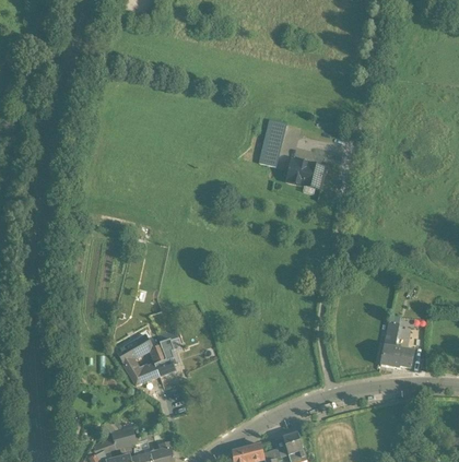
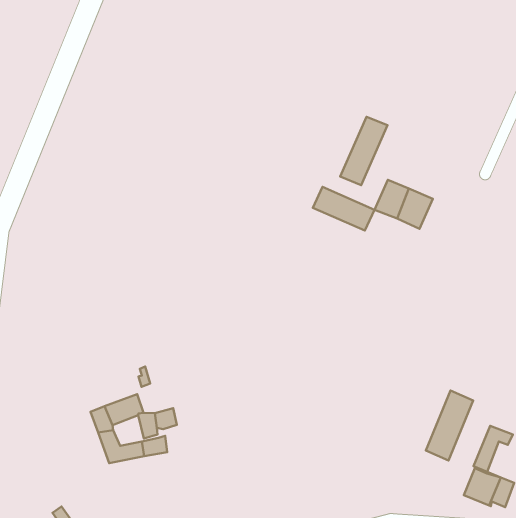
building: none -> [313,187,375,231]
building: none -> [426,390,473,461]

